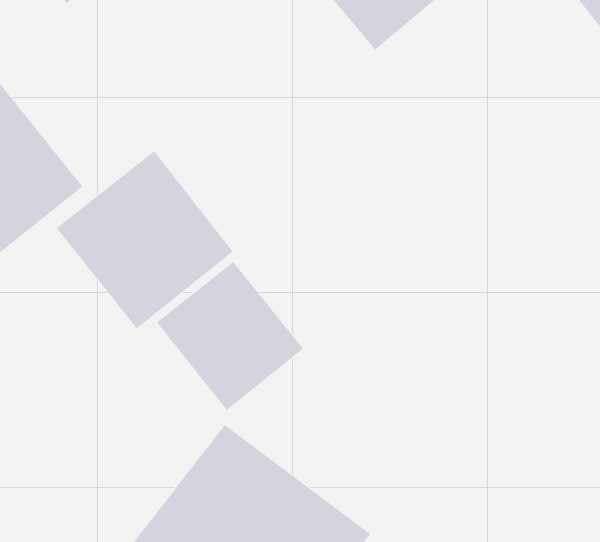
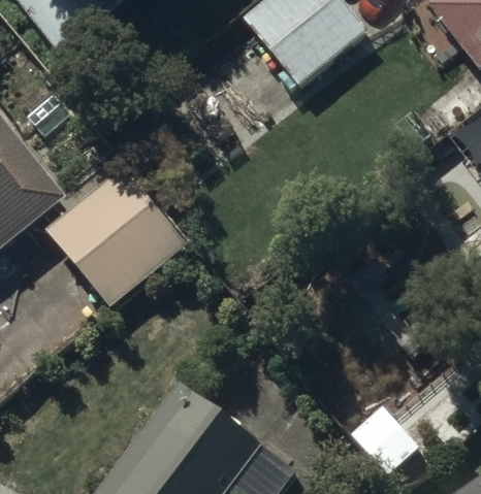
building: [156,261,304,411] -> none

